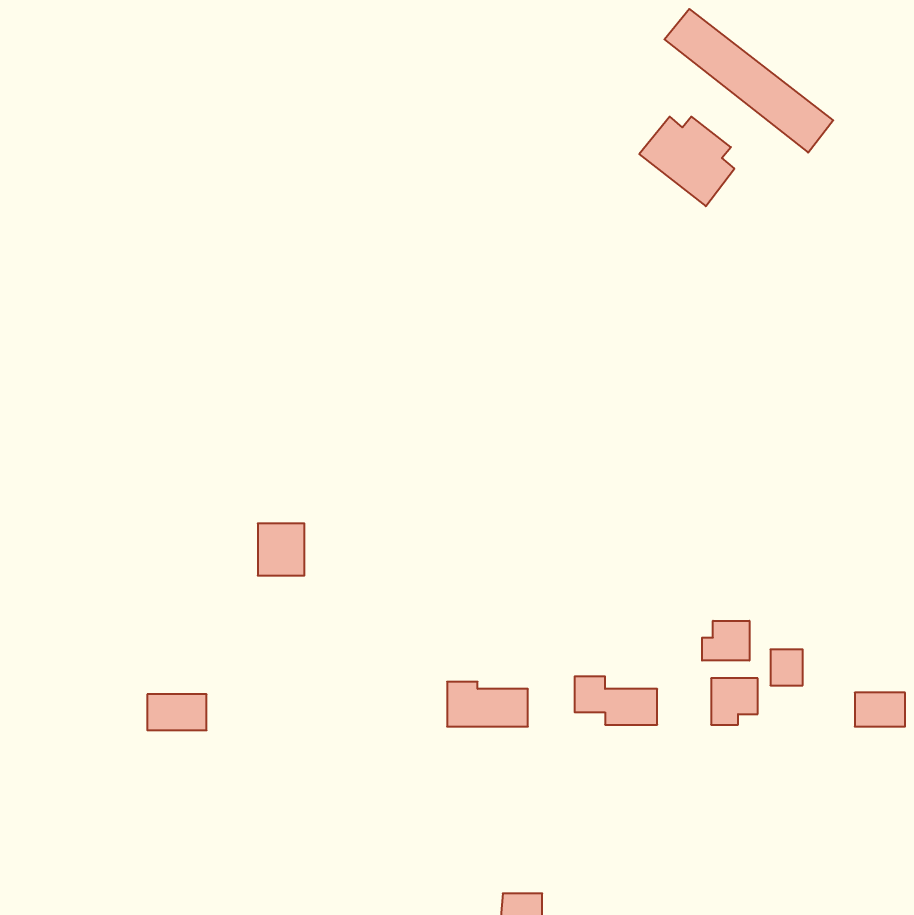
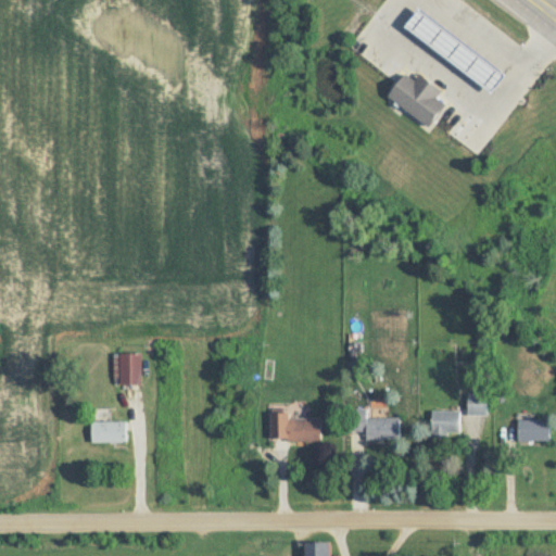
building: [258,523,304,576] -> [112,354,140,386]
building: [702,621,749,661] -> none

